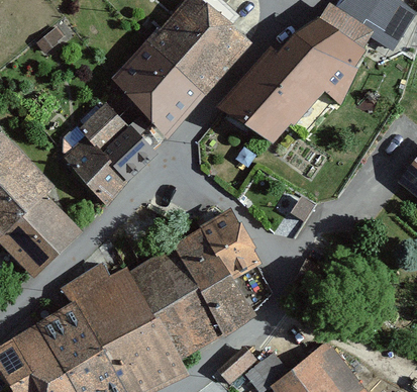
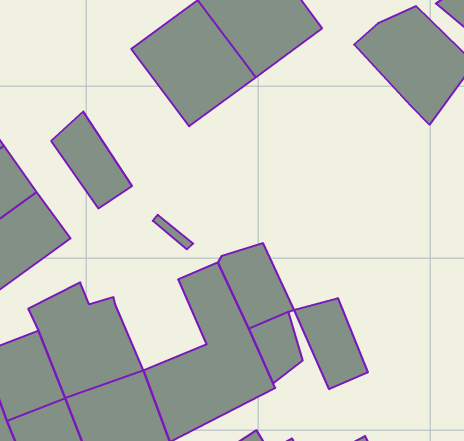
building: [217,48,323,144] -> none
building: [83,105,155,182] -> none
building: none -> [294,298,368,389]
building: [128,246,200,316] -> none

